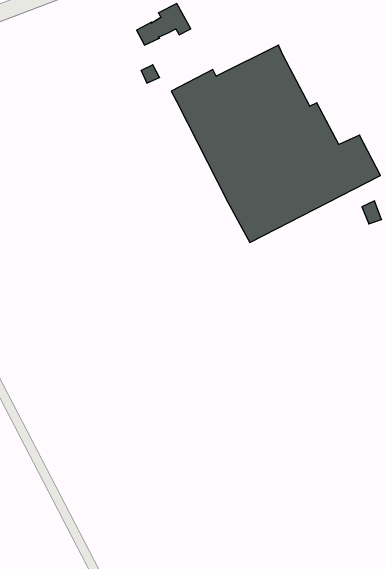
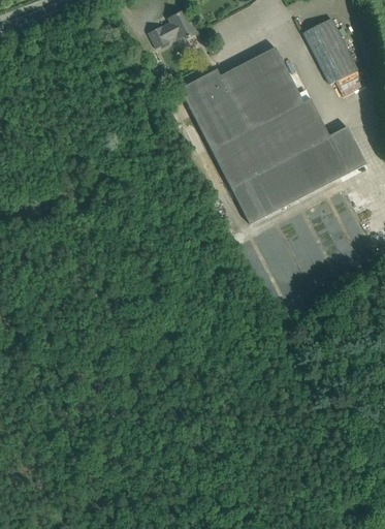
building: none -> [302,17,358,84]

